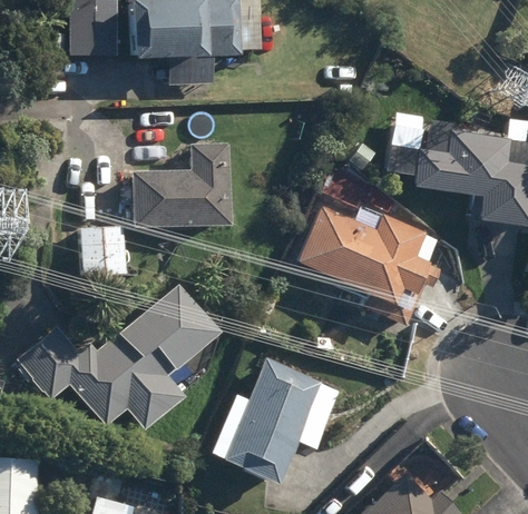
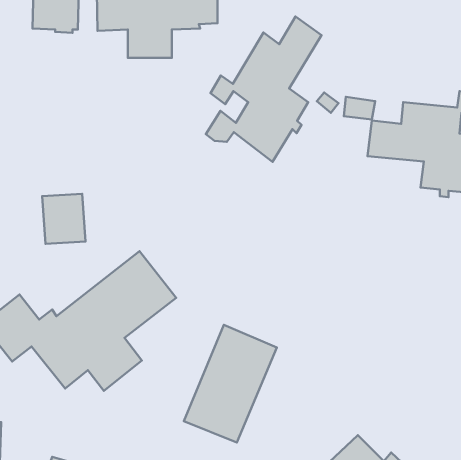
building: none -> [206,16,322,162]
building: [131,144,232,228] -> none
building: [296,207,440,328] -> none

